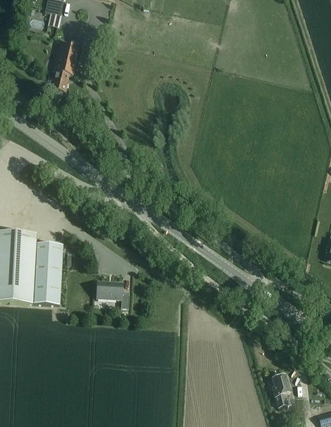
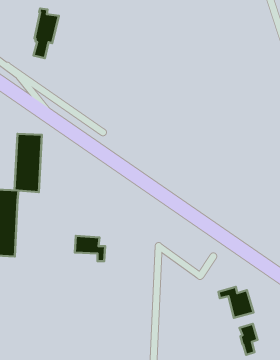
building: [33,243,62,305] -> [15,134,42,192]
building: none -> [219,287,253,318]

